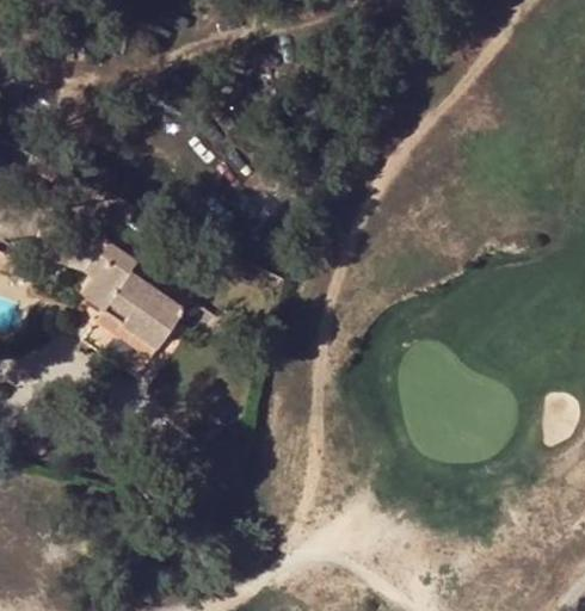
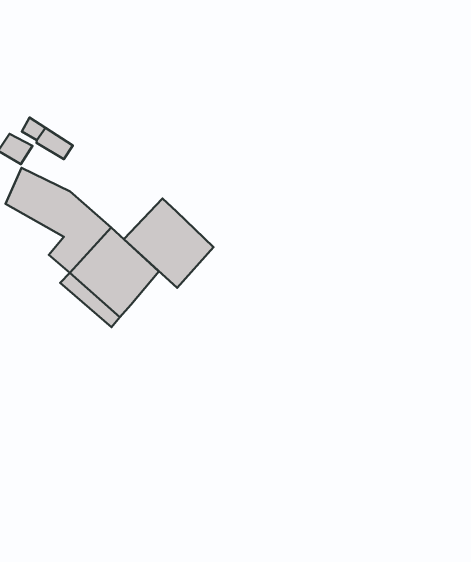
building: none -> [124,198,213,288]

